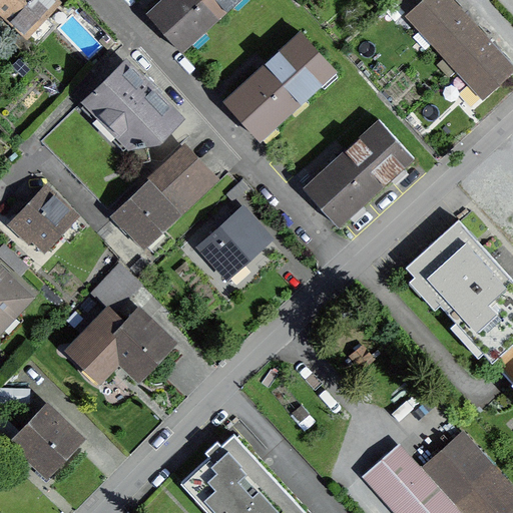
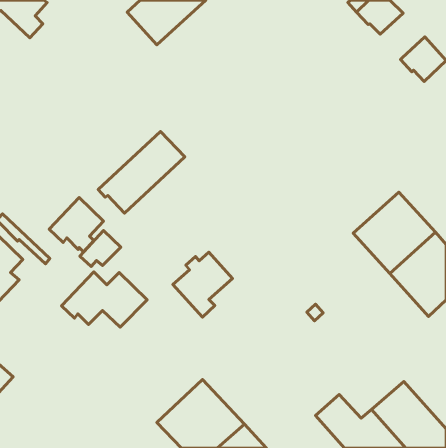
building: [433,15,486,66] -> none
building: [223,33,333,138] -> none
building: [87,64,176,142] -> none
building: [303,121,411,225] -> none
building: [10,188,72,250] -> [49,198,104,252]
building: [199,208,268,283] -> [173,252,232,317]
building: [14,408,76,470] -> none

